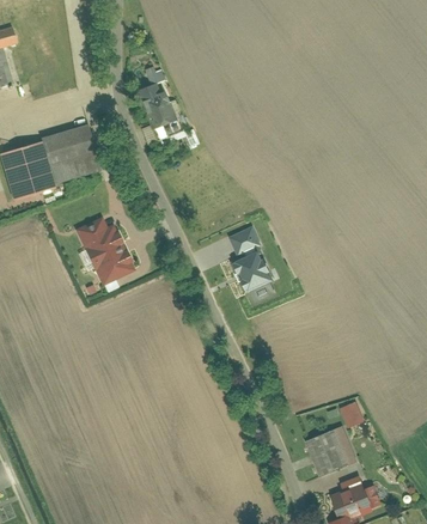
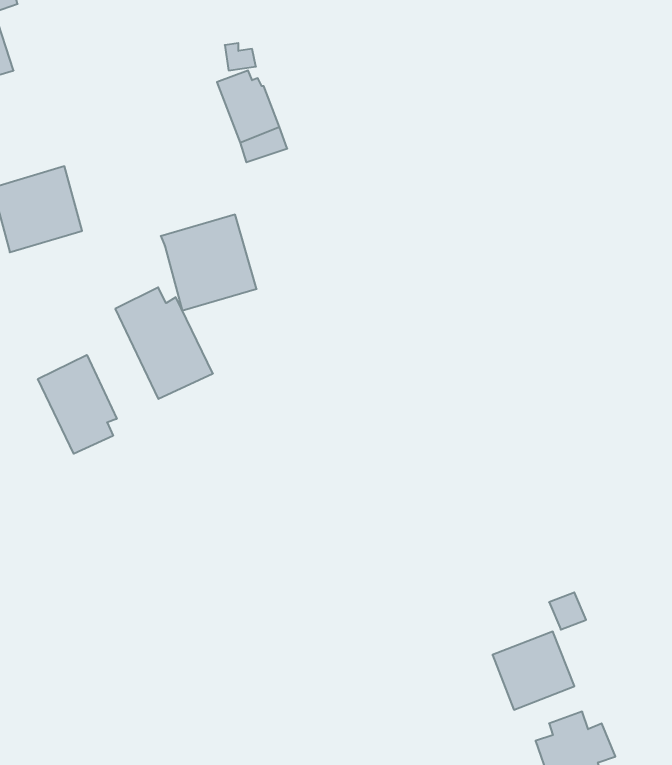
building: [42,123,100,182] -> [161,215,257,310]
building: [231,230,266,290] -> none
building: none -> [38,355,117,454]

